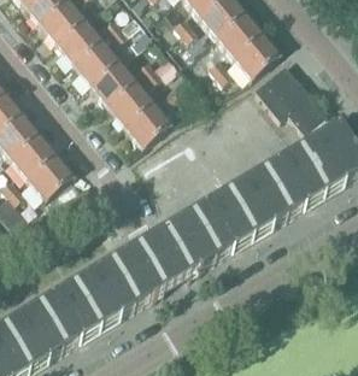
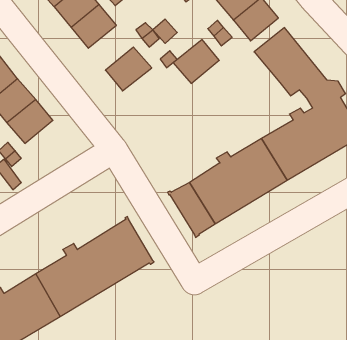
building: [89,59,134,104] -> none
building: [123,101,169,145] -> [173,40,219,83]
building: [27,153,71,196] -> none
building: [128,224,195,293] -> none

